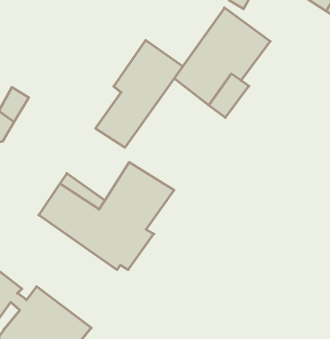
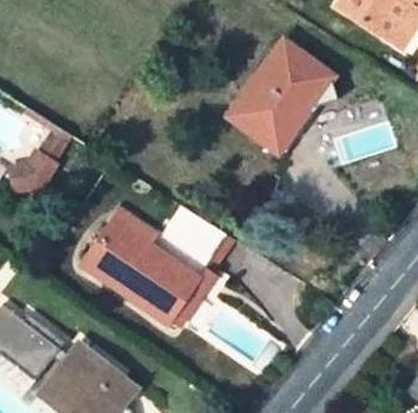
building: [96,40,183,147] -> none

